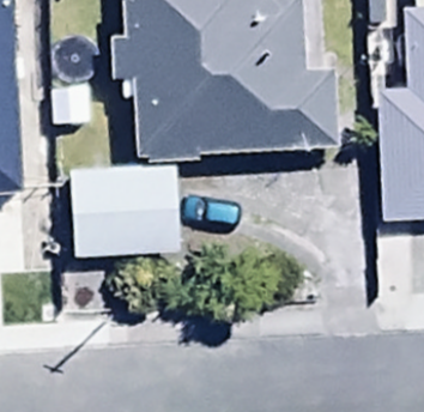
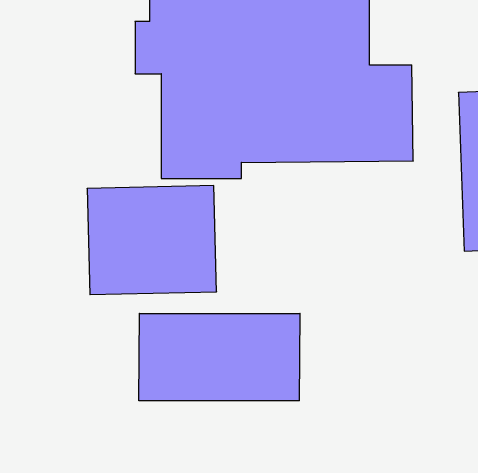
building: none -> [139,313,300,401]

